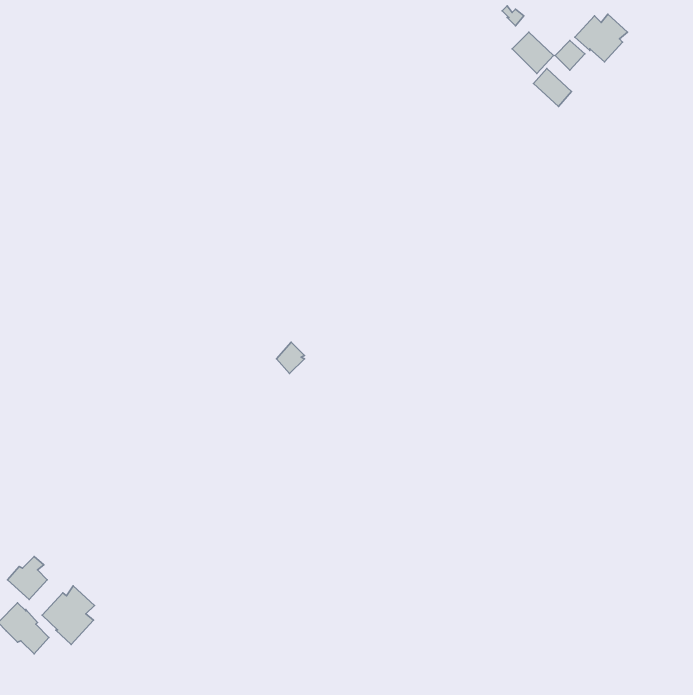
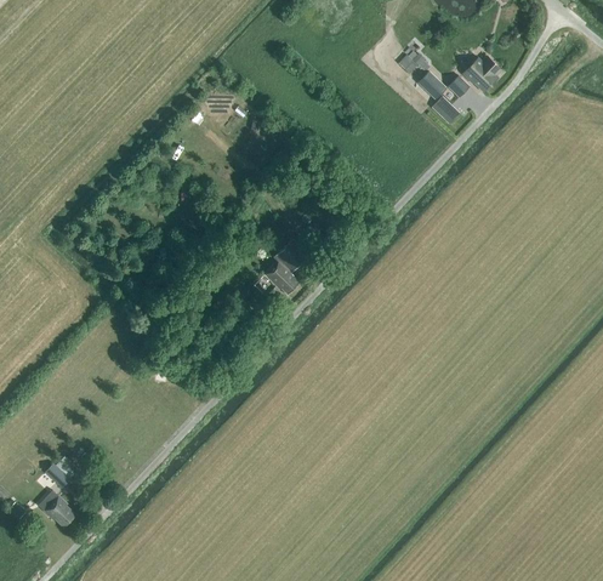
building: none -> [264,239,308,295]
building: [42,586,94,645] -> none

